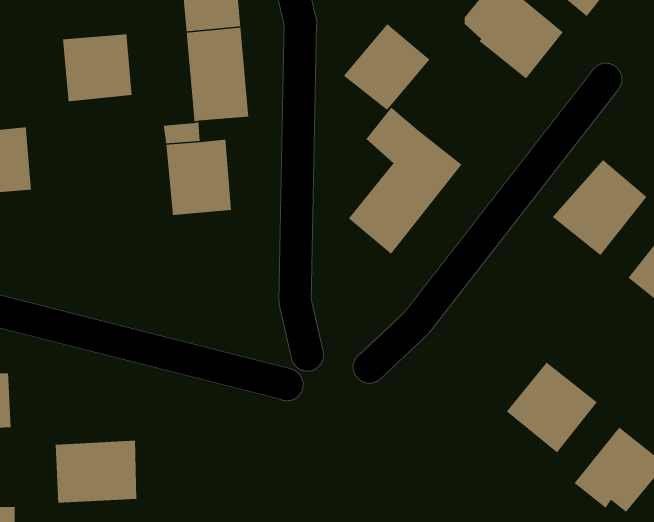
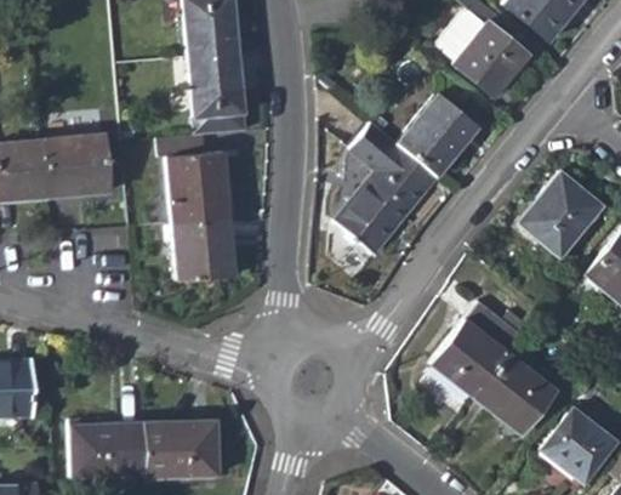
building: [343,23,430,111] -> [398,95,477,173]
building: [62,33,133,102] -> [46,135,109,197]
building: none -> [177,215,235,280]
building: none -> [434,301,543,396]
building: none -> [144,419,220,478]

